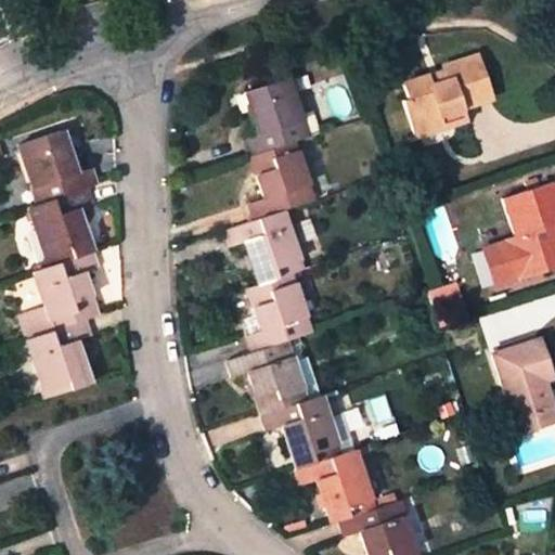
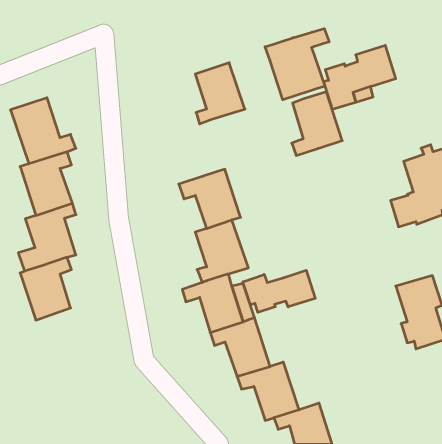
building: none -> [265,29,329,100]
building: [251,140,314,219] -> [292,92,342,155]
building: none -> [243,270,315,312]

